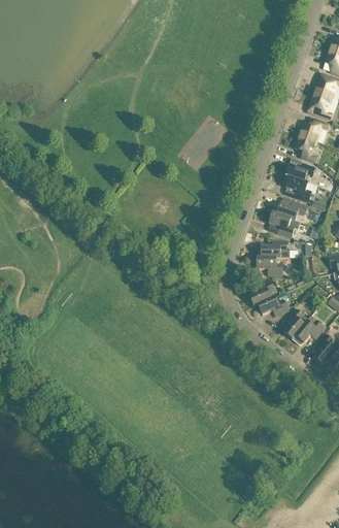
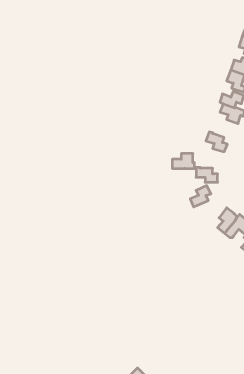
building: [276,200,307,224] -> none
building: [261,239,289,258] -> [172,154,194,168]
building: [257,296,287,317] -> none

